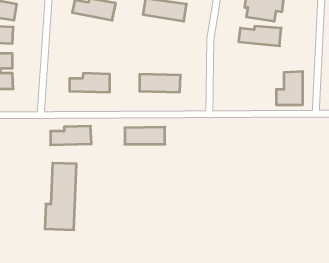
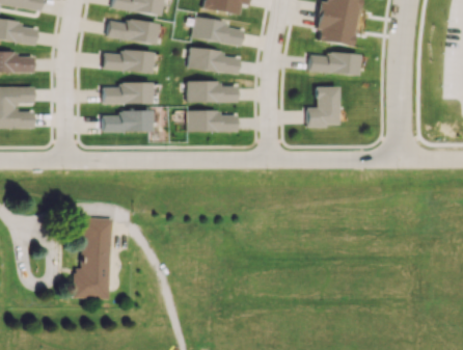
building: none -> [188,48,241,75]
building: none -> [103,50,154,72]
building: [276,71,303,105] -> [306,85,338,126]
building: [50,126,91,145] -> [103,81,153,104]
building: [125,127,165,144] -> [188,81,237,102]

